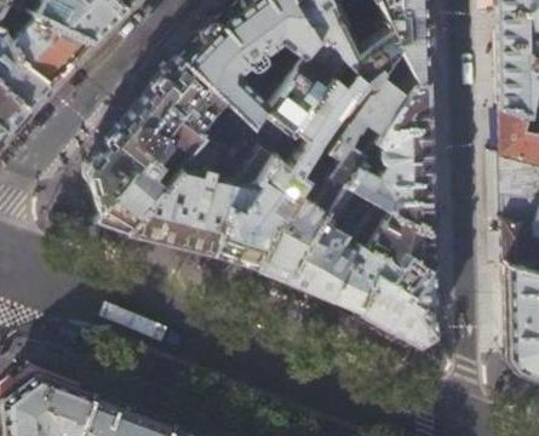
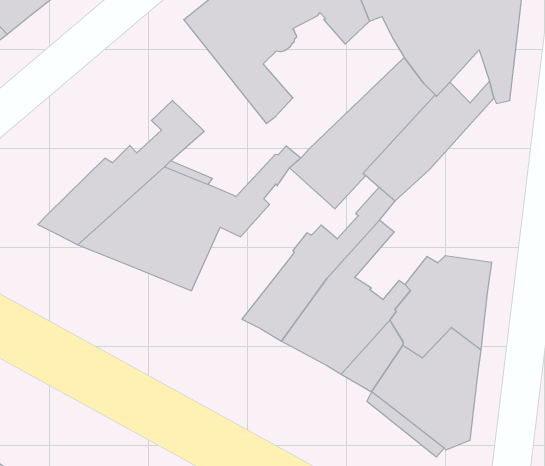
building: [257,31,345,137] -> none
building: [87,54,251,212] -> none
building: [344,80,431,207] -> none
building: [213,153,310,269] -> none

